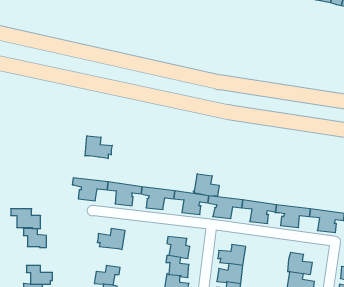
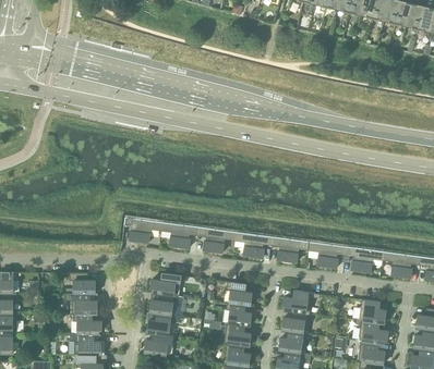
building: [85,136,112,159] -> none
building: [193,174,219,196] -> none
building: [11,209,41,229] -> [64,293,97,315]
building: none -> [150,294,178,316]

